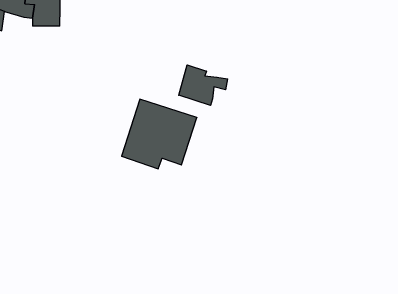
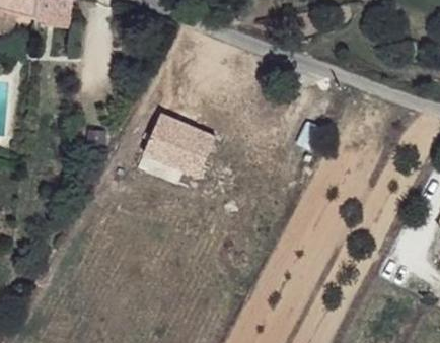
building: [179,65,228,105] -> none

